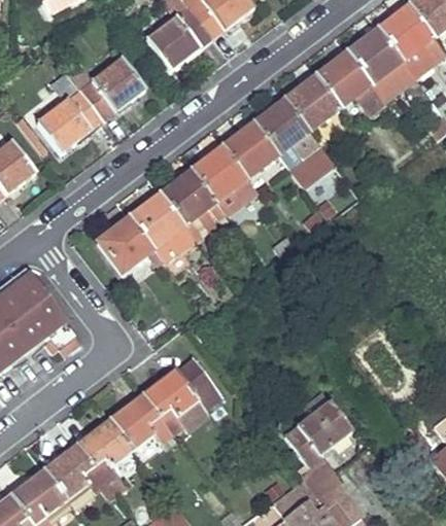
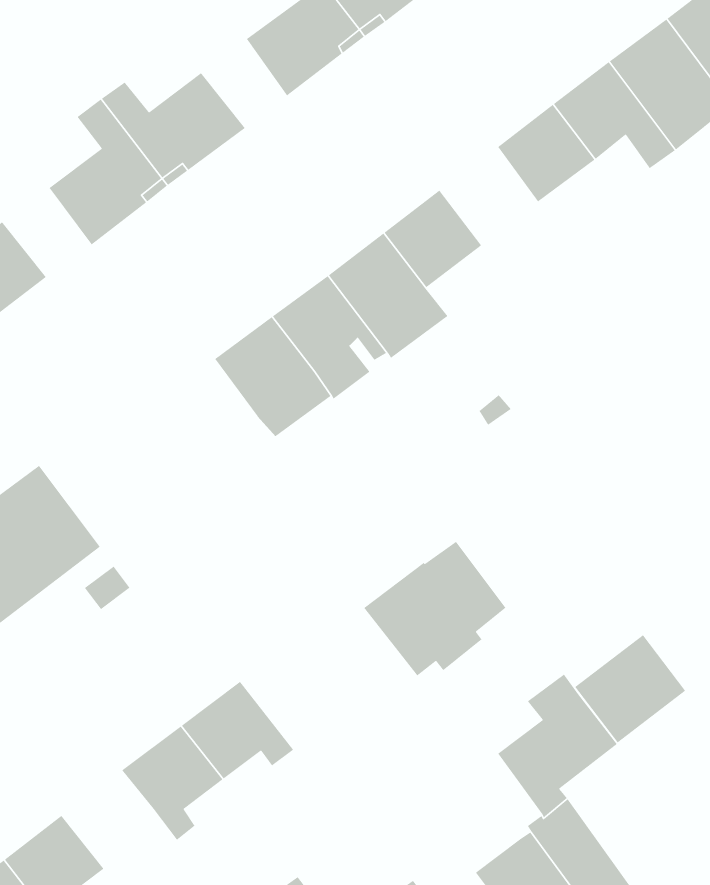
building: [252,100,334,189] -> none
building: [97,217,151,272] -> none
building: [142,358,221,433] -> [363,541,507,677]
building: none -> [574,634,686,743]
building: [43,445,115,499] -> none

